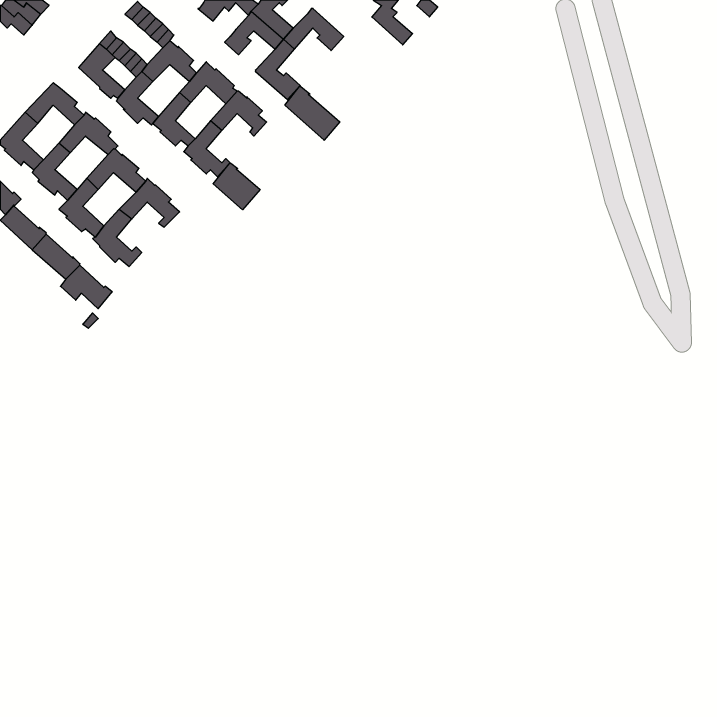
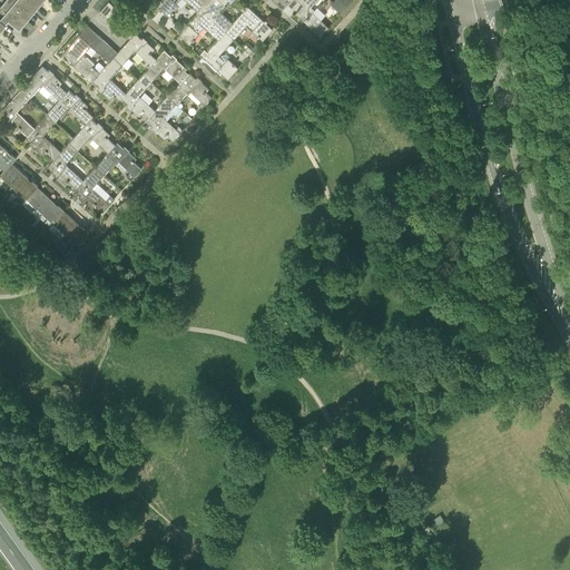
building: [285,87,340,140] -> none
building: [213,163,260,210] -> none

